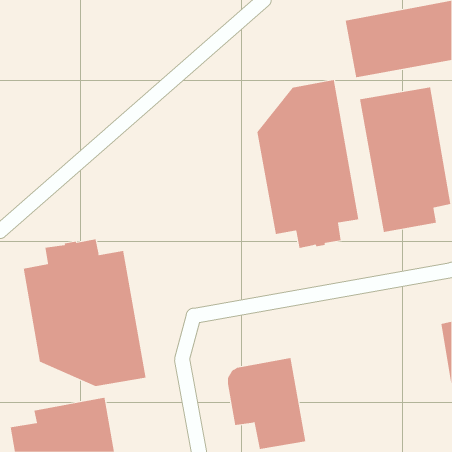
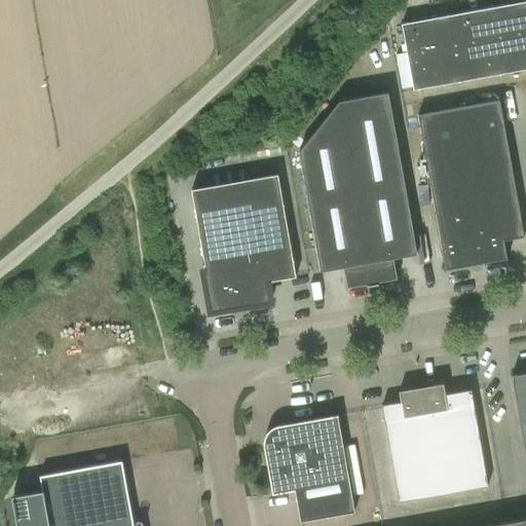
building: none -> [191,175,296,312]
building: [23,239,146,387] -> none
building: none -> [382,384,488,502]

